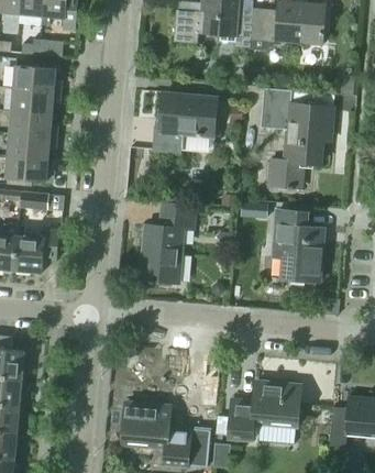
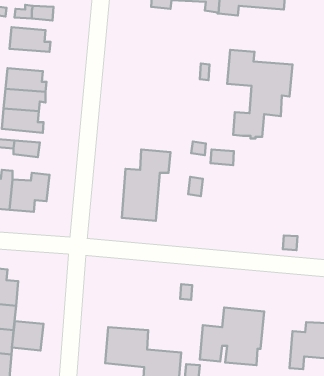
building: [12,89,59,114] -> none
building: [153,94,218,153] -> none
building: [269,209,323,282] -> none
building: none -> [12,321,43,350]

